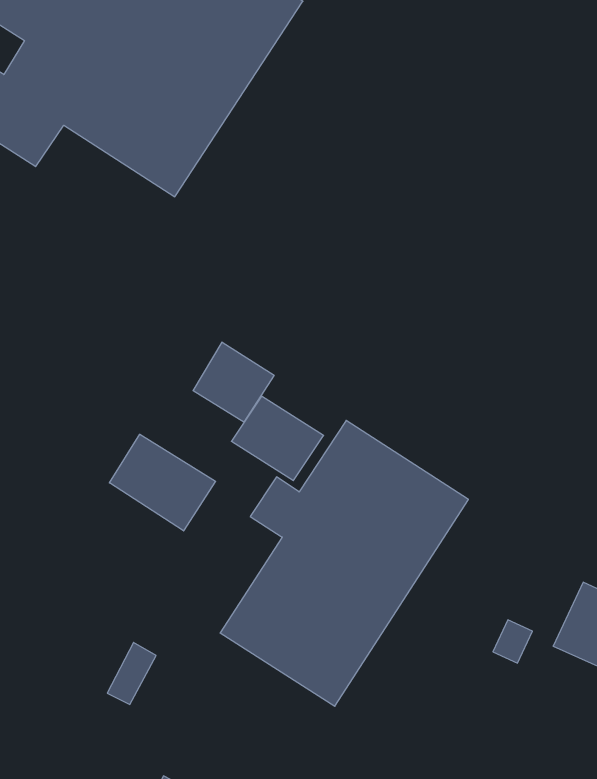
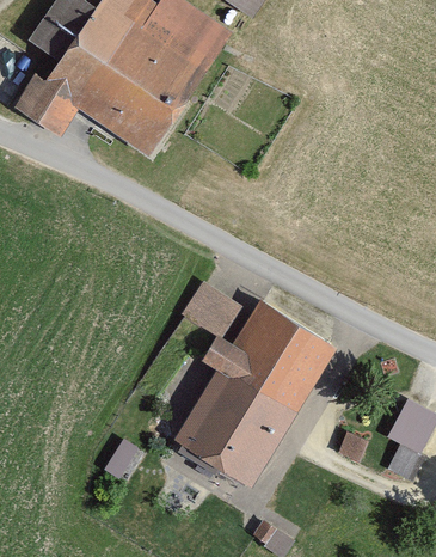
building: [193,342,274,422] -> none
building: [109,434,216,531] -> none

